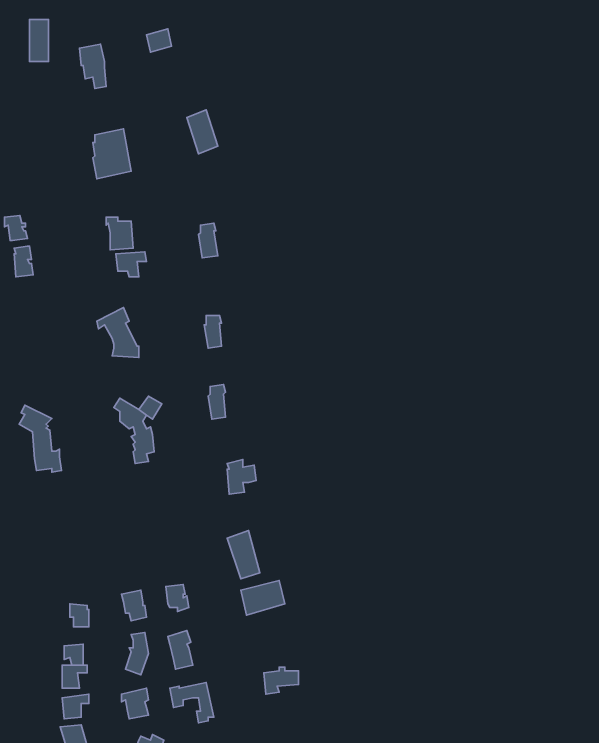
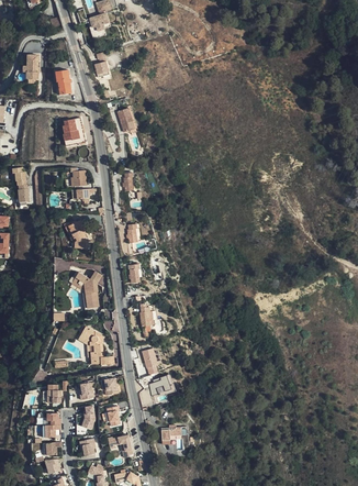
building: [19,405,61,472] -> [81,327,105,365]

